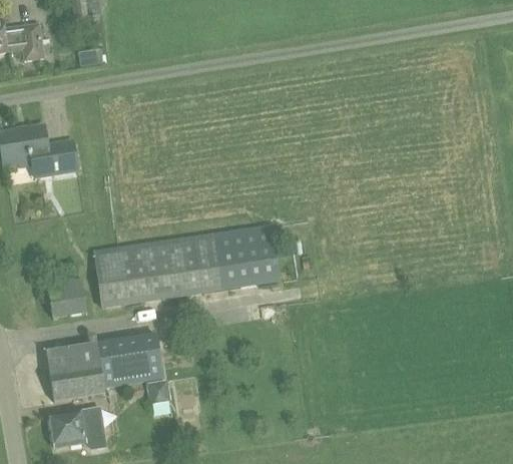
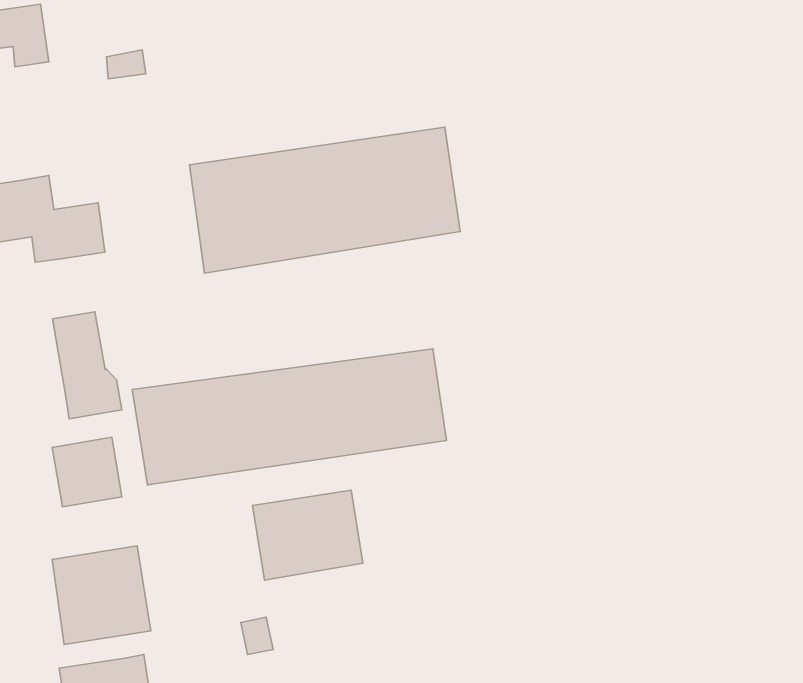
building: none -> [189,127,460,273]
building: none -> [53,312,122,419]
building: [96,333,161,386] -> [252,490,363,580]

